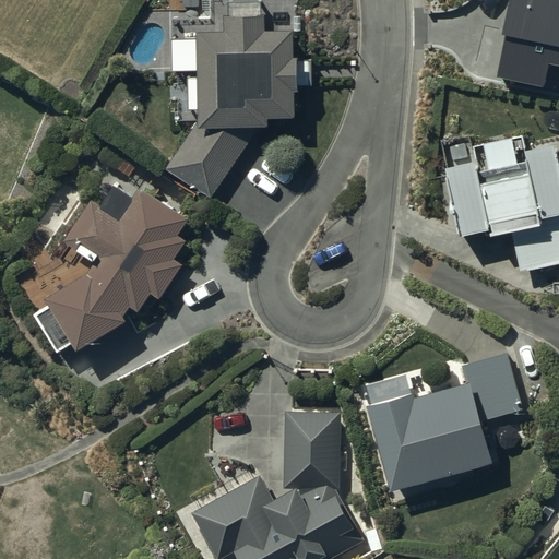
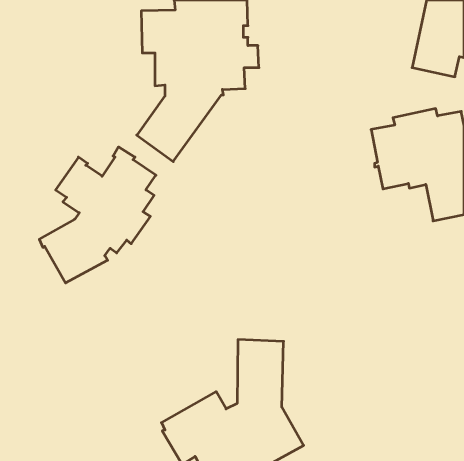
building: [371,362,527,500] -> none

